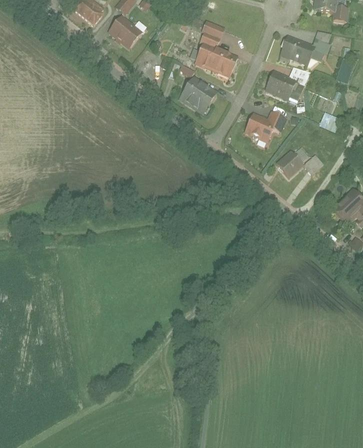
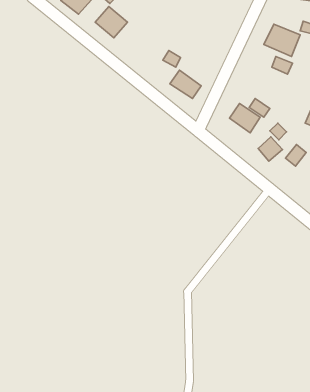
building: [189,32,238,78] -> none
building: [261,73,296,102] -> none

